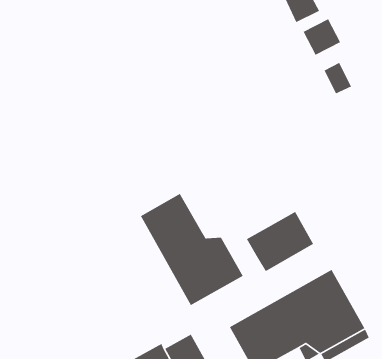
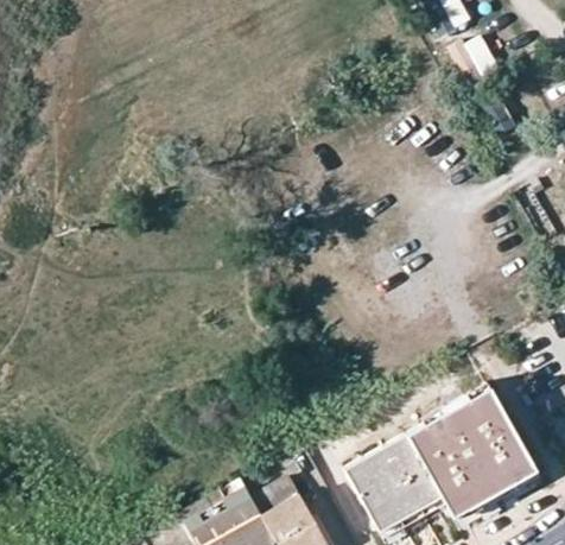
building: [140,193,244,306] -> none
building: [246,211,314,272] -> none

